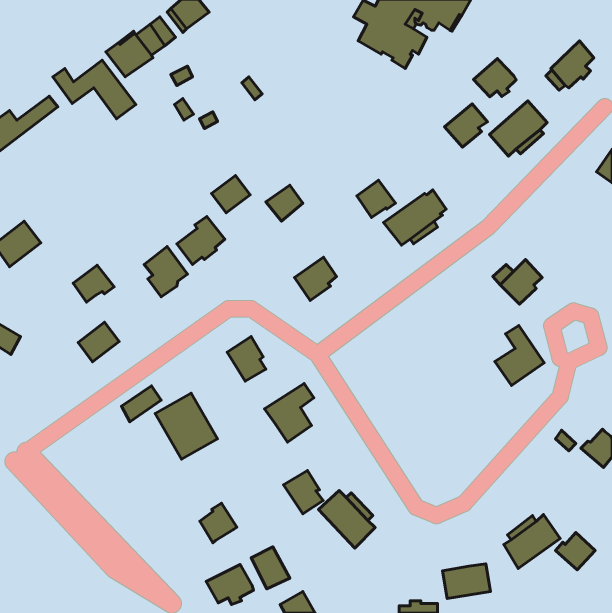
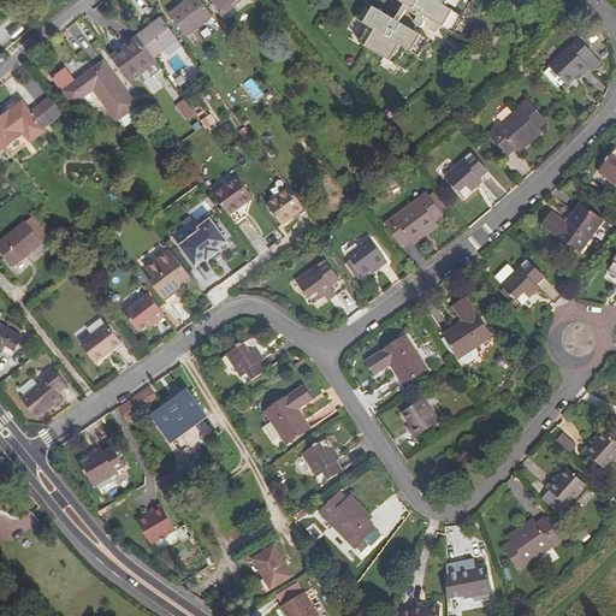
building: [473,59,516,97] -> none
building: [444,104,488,147] -> [444,154,487,197]
building: [357,180,395,218] -> [346,237,385,274]
building: none -> [540,202,602,251]
building: [73,265,114,302] -> [122,291,162,328]
building: [495,326,544,386] -> [439,296,488,356]
building: none -> [365,334,425,383]
building: none -> [18,368,65,417]
building: none -> [399,397,437,437]
building: none -> [81,445,125,484]
building: [283,471,323,514] -> [303,437,343,480]
building: [200,503,237,543] -> [140,502,177,541]
building: [555,532,595,570] -> [545,468,585,505]
building: [206,564,253,605] -> none

